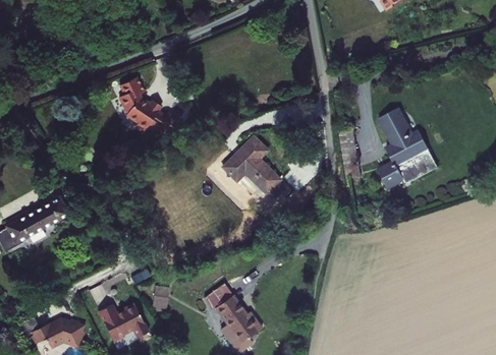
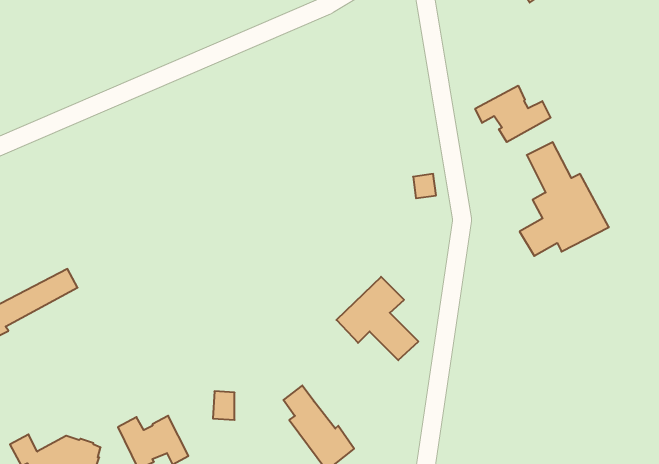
building: none -> [475,86,551,142]
building: [116,76,178,135] -> none
building: [221,134,279,193] -> [336,277,418,360]

